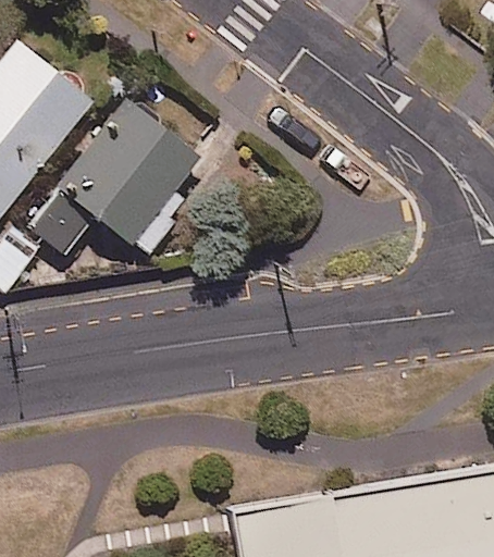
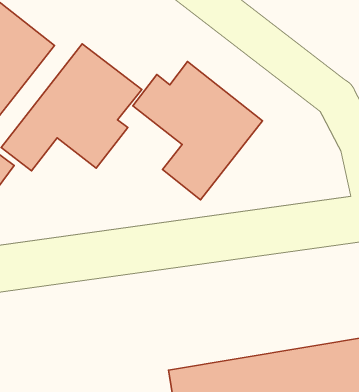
building: none -> [133,61,262,200]

